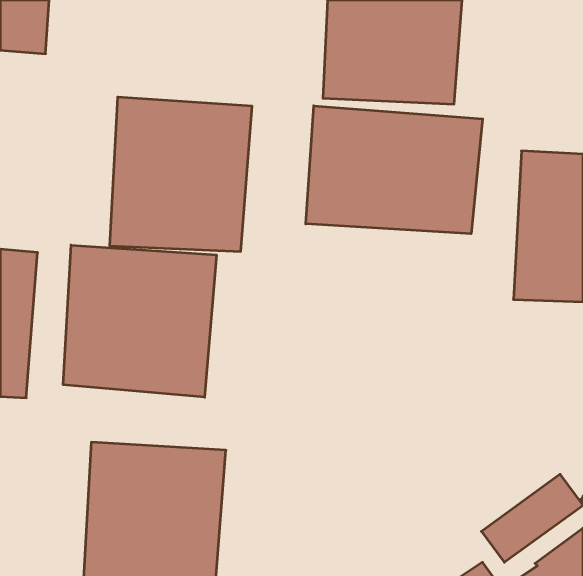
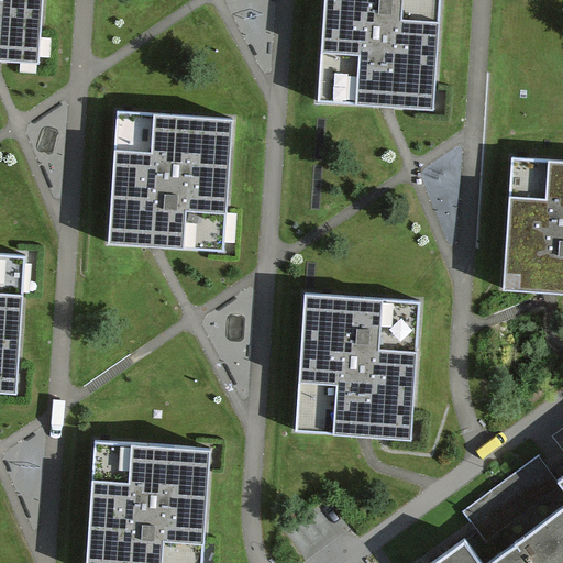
building: [306,106,483,234] -> none
building: [63,245,216,397] -> none
building: none -> [285,291,422,440]

